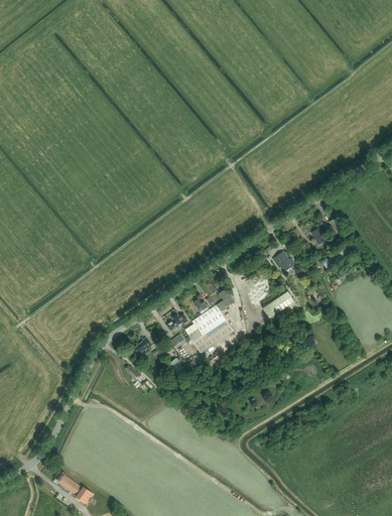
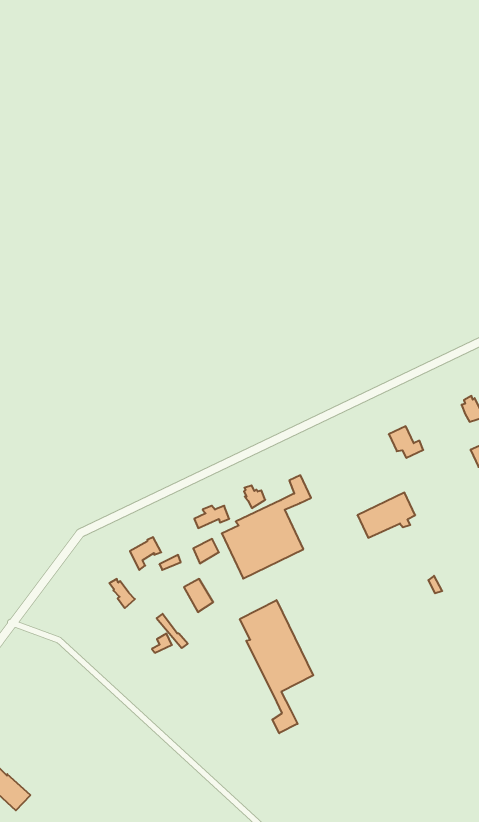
building: none -> [240,600,313,733]

